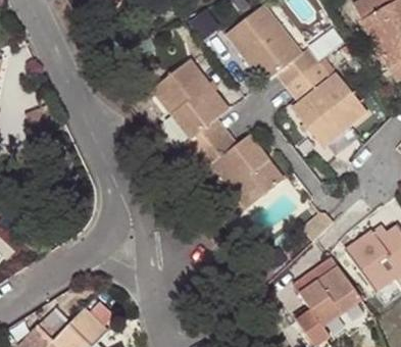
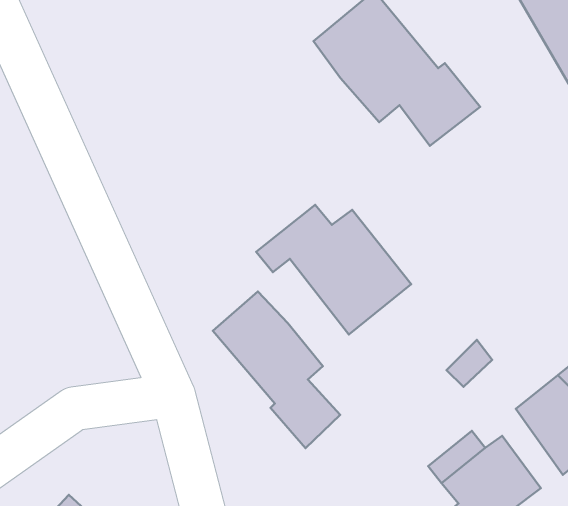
building: [152,57,232,156] -> none
building: [294,72,368,145] -> none
building: none -> [213,291,340,448]

